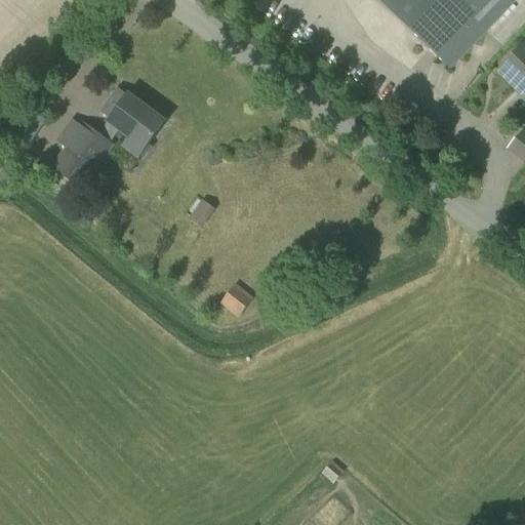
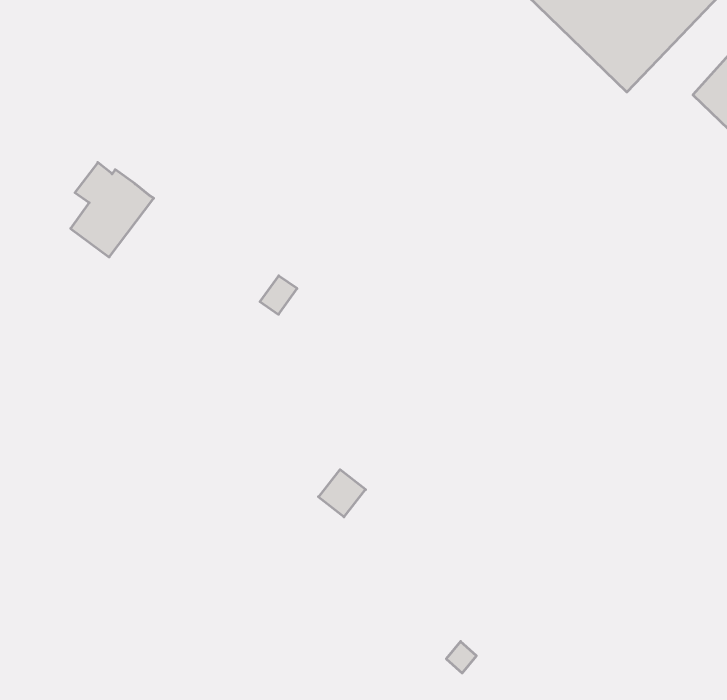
building: [98,87,165,156] -> none
building: [219,282,253,316] -> [318,470,366,517]

